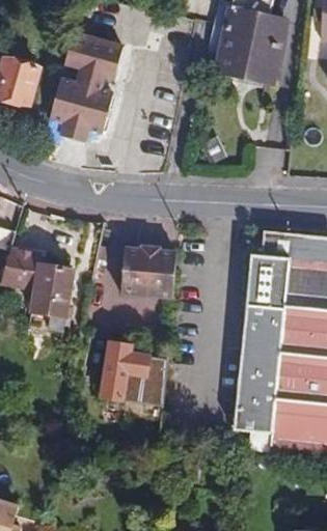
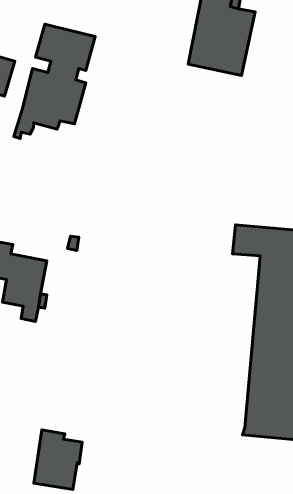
building: [121,247,175,298] -> none
building: [236,261,290,438] -> none
building: [101,341,149,401] -> [34,430,82,489]

